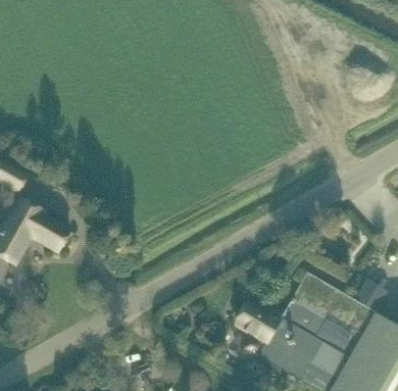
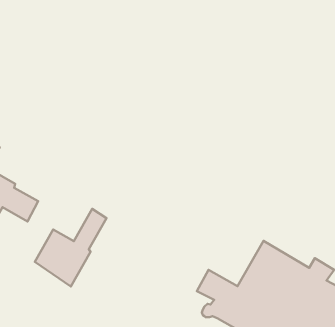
building: none -> [35,209,107,286]

